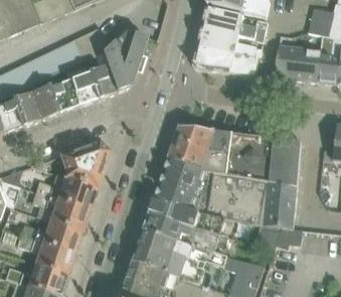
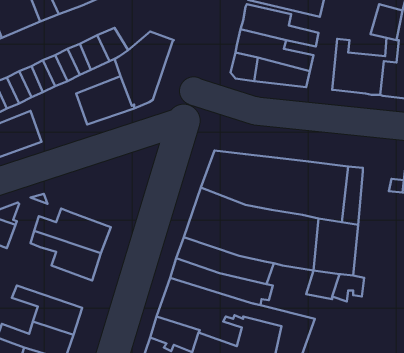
building: [31,80,77,119] -> none
building: [56,140,109,188] -> none
building: [20,219,81,254] -> none

